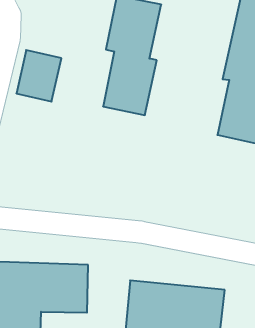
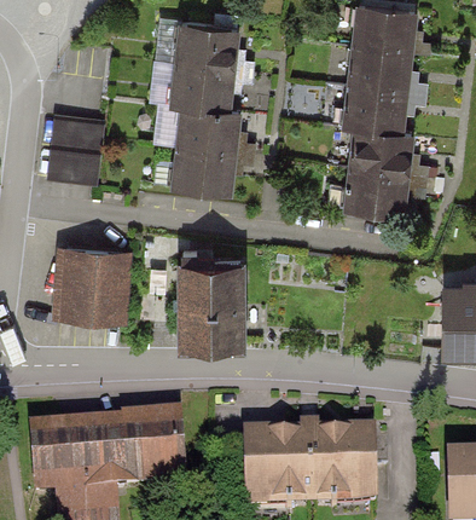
building: none -> [52,237,133,313]
building: none -> [173,252,245,343]

